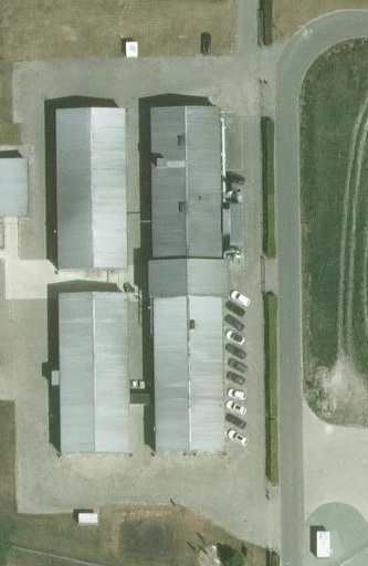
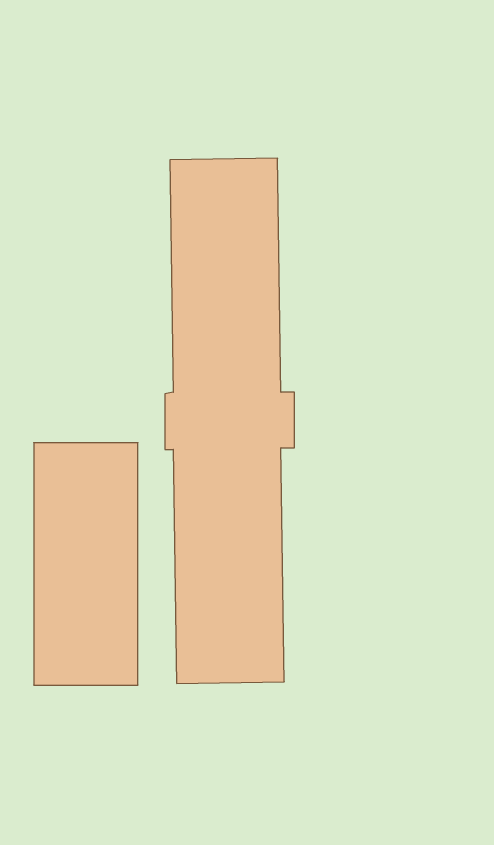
building: [55,108,127,269] -> none

